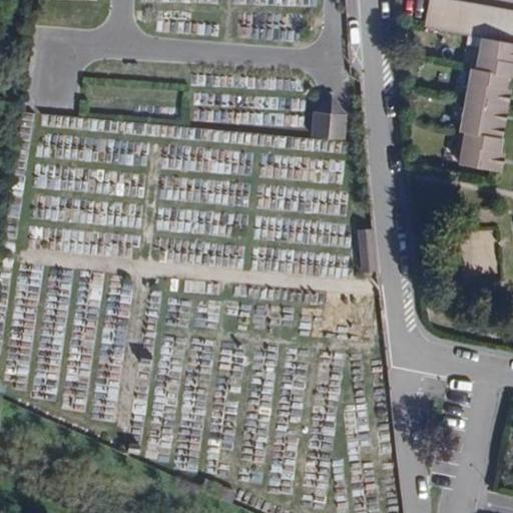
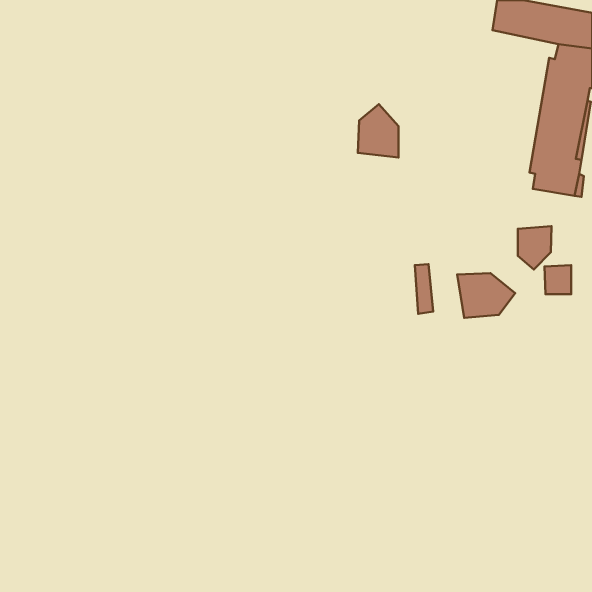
building: none -> [518,226,552,270]
building: none -> [457,273,515,318]

